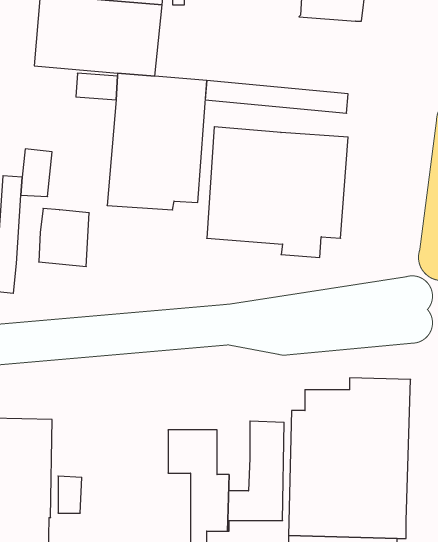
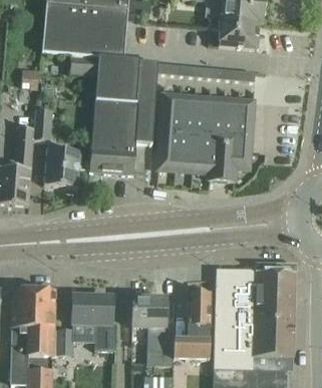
building: none -> [209,16,258,48]
building: none -> [88,145,134,173]
building: none -> [72,296,115,349]

